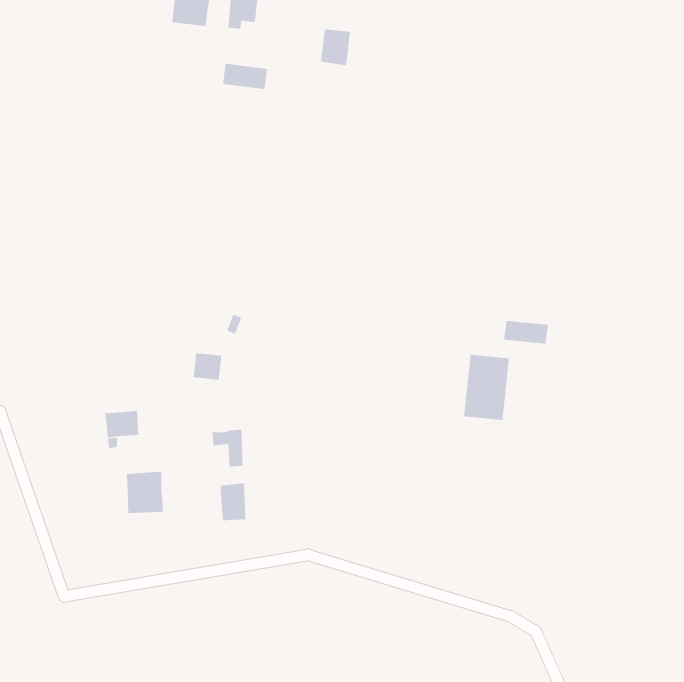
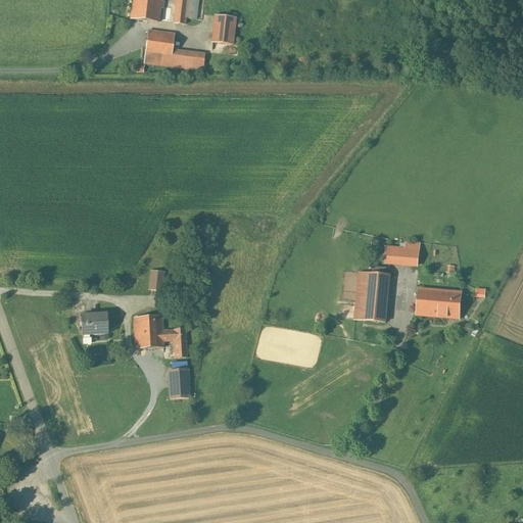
building: [320,29,351,66] -> [211,14,235,43]
building: none -> [144,29,174,64]
building: none -> [416,285,461,317]
building: [126,471,164,514] -> [134,315,162,347]

